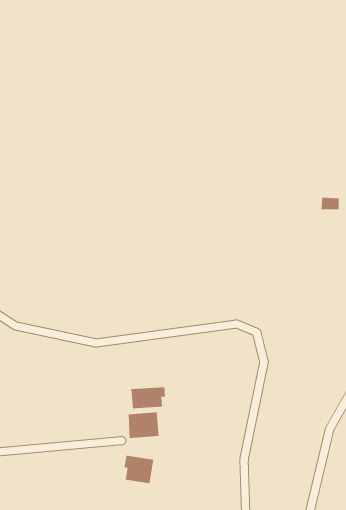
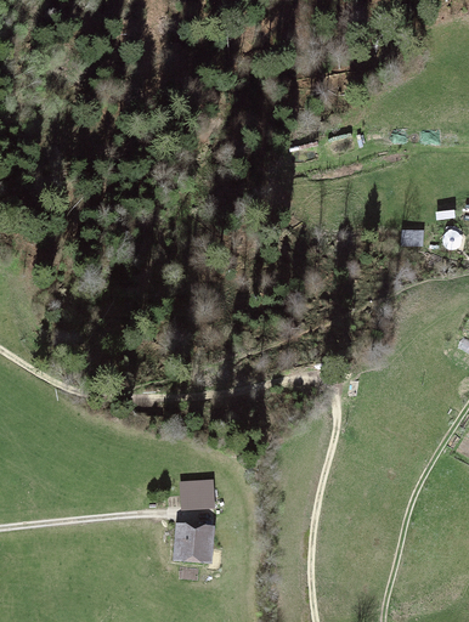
building: [131,387,165,409] -> none

